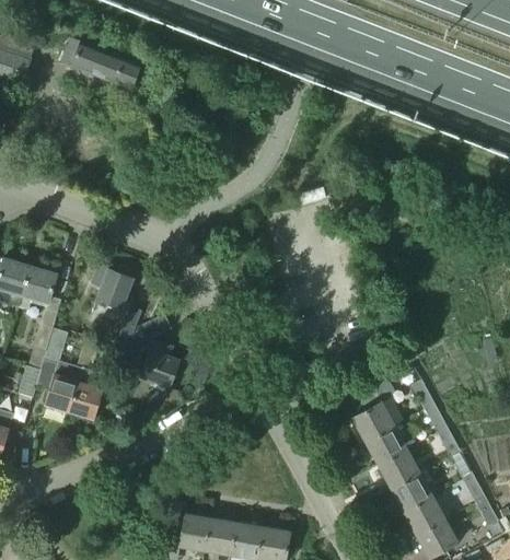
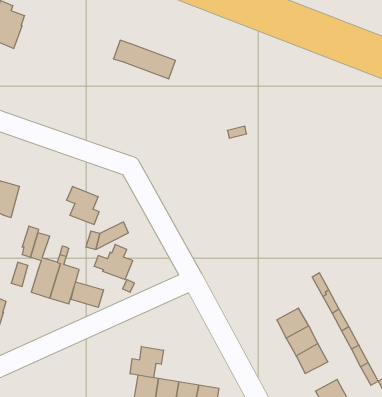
building: [57,37,138,88] -> [113,40,175,79]
building: [19,267,57,310] -> none
building: none -> [71,282,104,307]
building: [352,401,394,441] -> none
building: none -> [130,346,163,378]
building: [403,495,444,534] -> none

